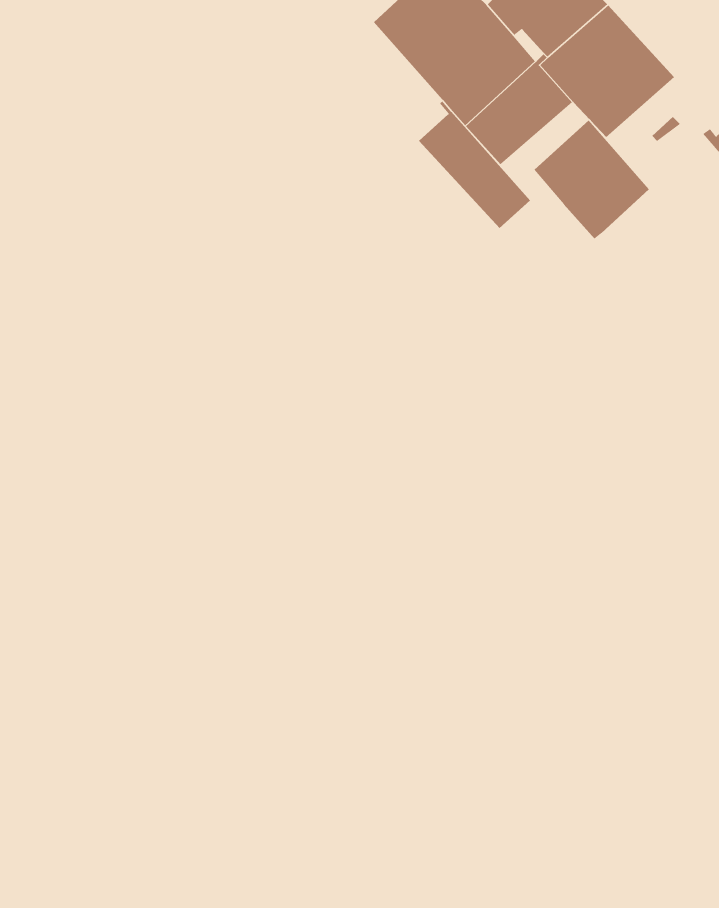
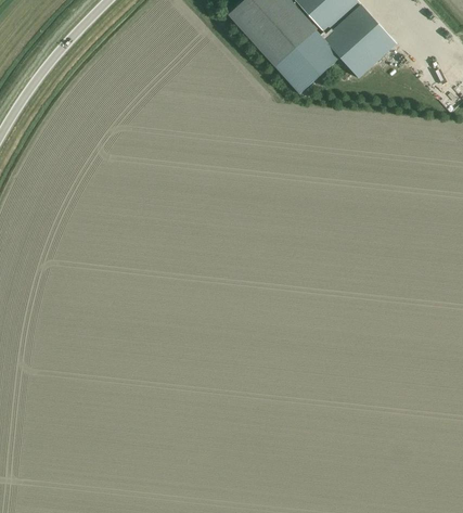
building: [418,100,531,229] -> none
building: [534,119,650,240] -> none

